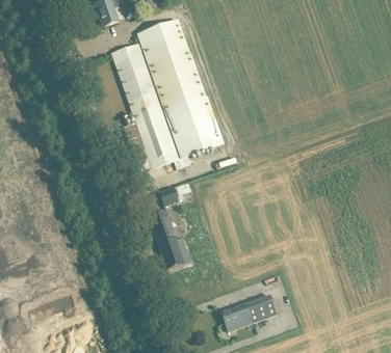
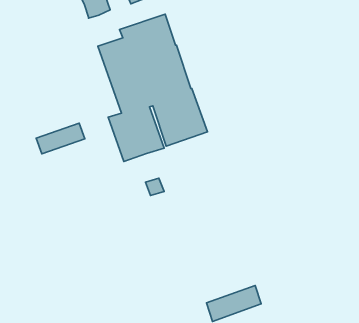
building: none -> [36,123,85,154]
building: [146,210,187,268] -> none

